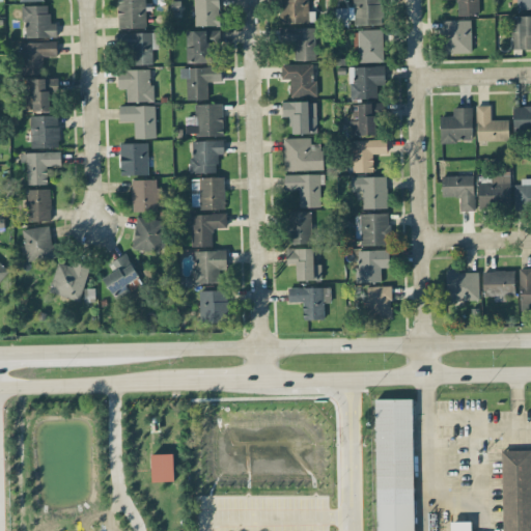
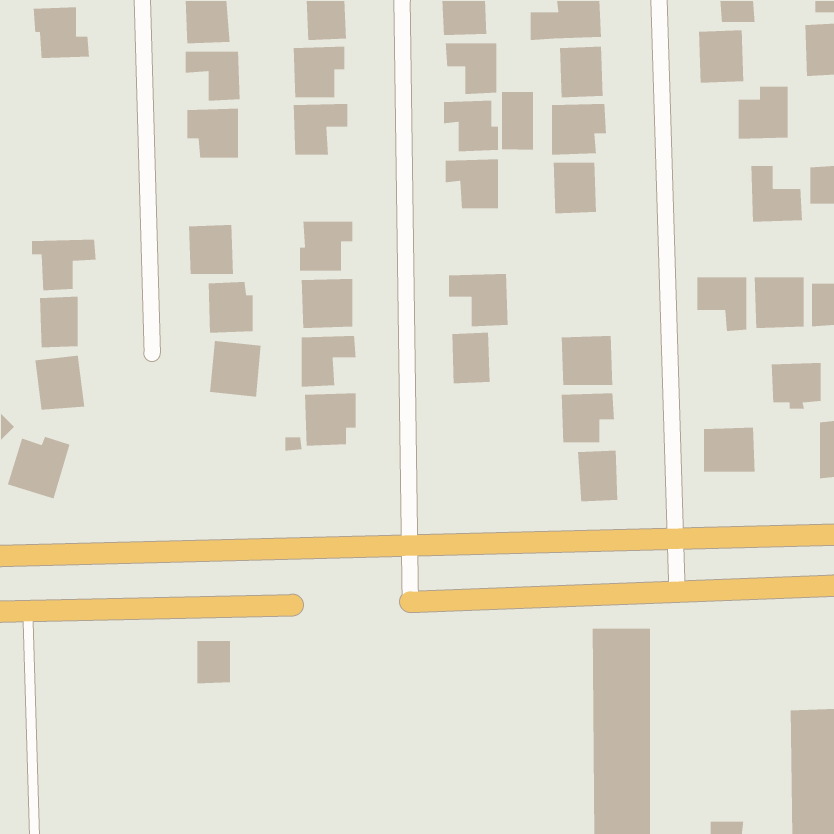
building: [22,41,58,75] -> none
building: none -> [501,91,534,150]
building: [32,79,56,111] -> none
building: [186,104,224,136] -> none
building: [120,106,157,139] -> none
building: [441,108,473,142] -> [738,86,788,140]
building: [31,115,60,148] -> none
building: [284,138,324,171] -> none
building: [353,140,388,172] -> none
building: [352,176,388,208] -> none
building: [287,249,322,281] -> none
building: [104,254,139,300] -> none
building: [50,261,90,302] -> [7,436,71,500]
building: [483,271,515,301] -> [771,362,821,410]
building: [289,287,331,320] -> none
building: [200,290,228,323] -> none
building: [152,454,174,482] -> [197,640,231,684]

